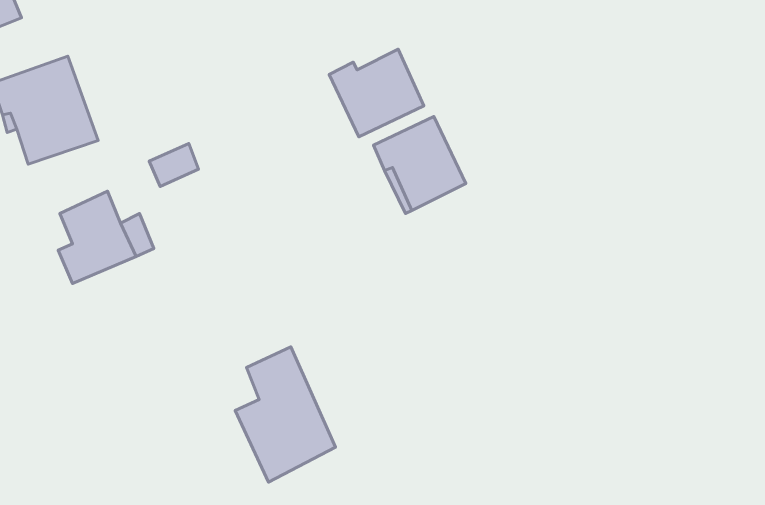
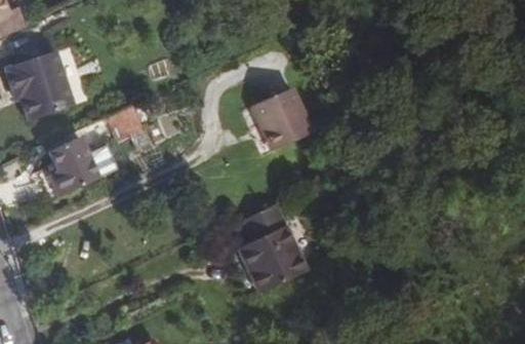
building: [329,49,424,137] -> none
building: [235,347,336,482] -> [239,208,304,296]

